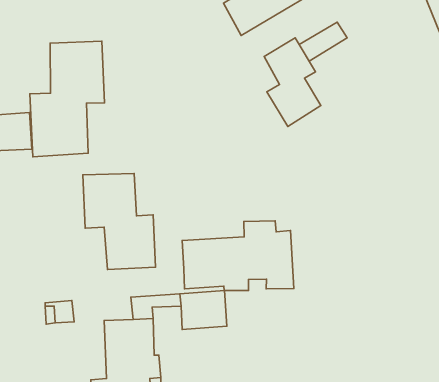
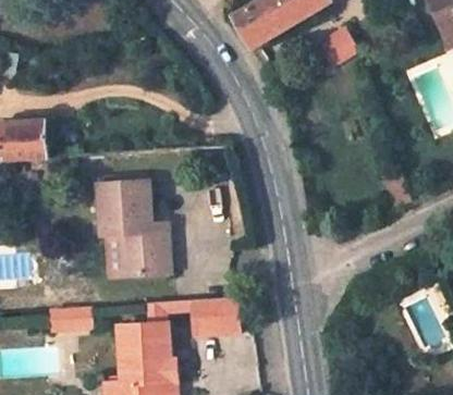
building: [264,38,321,126] -> none
building: [30,41,105,157] -> none
building: [182,221,294,291] -> none

